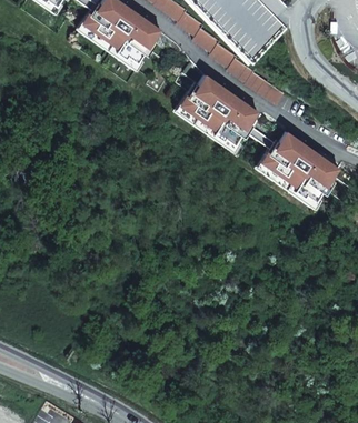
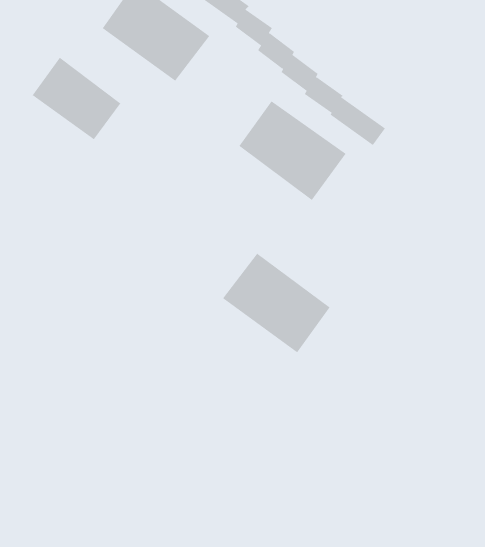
building: none -> [32,57,121,140]
building: [259,134,336,205] -> [222,253,331,353]

